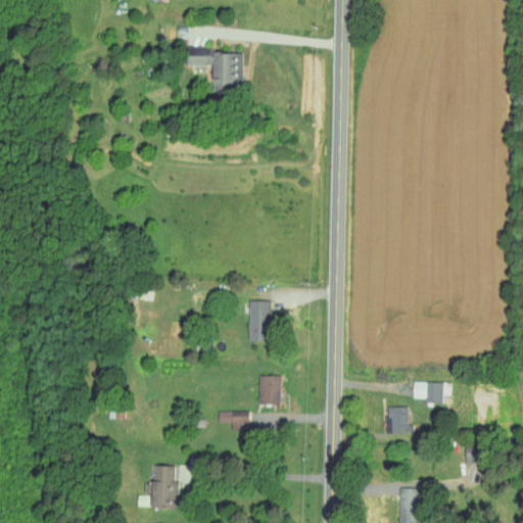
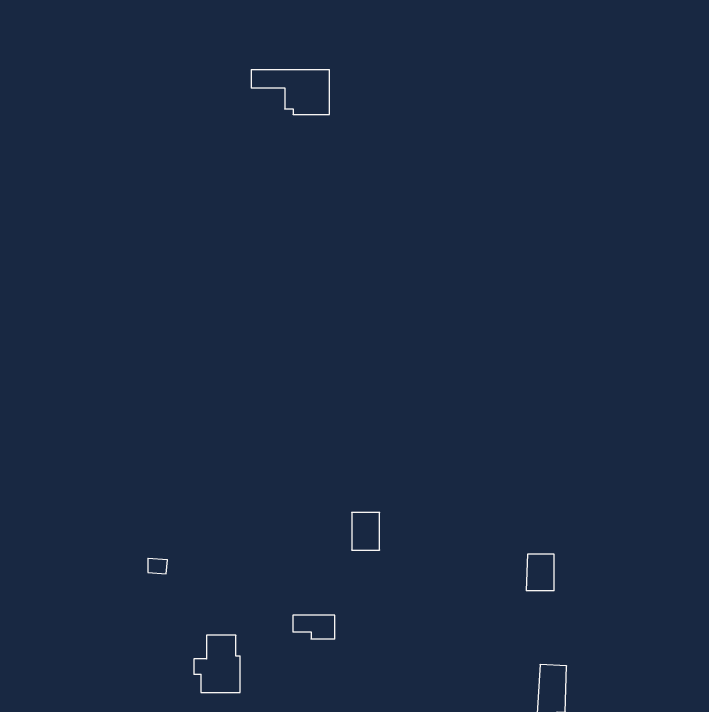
building: [249,300,271,341] -> none
building: [414,382,447,401] -> none
building: [220,412,250,429] -> [293,615,335,639]

